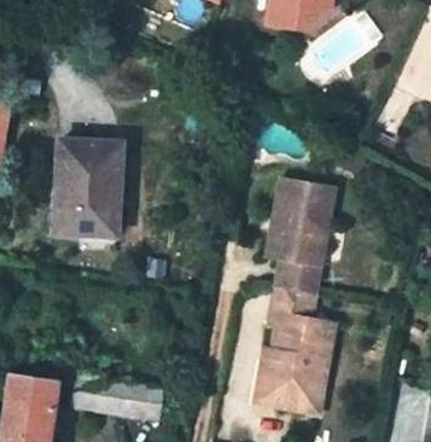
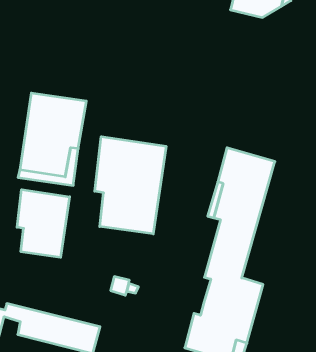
building: none -> [95,137,166,234]
building: none -> [17,190,70,257]

